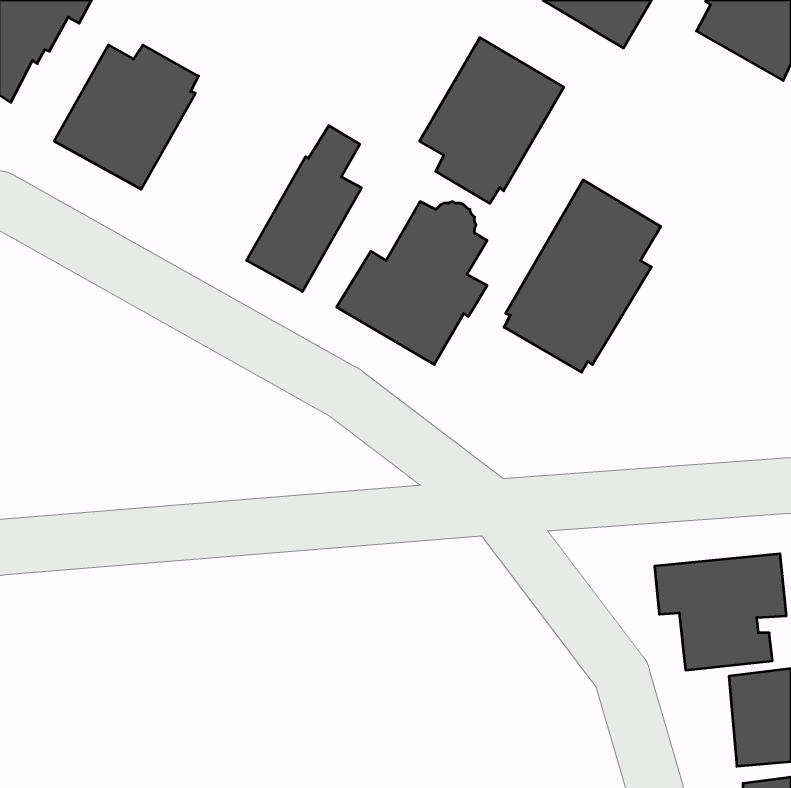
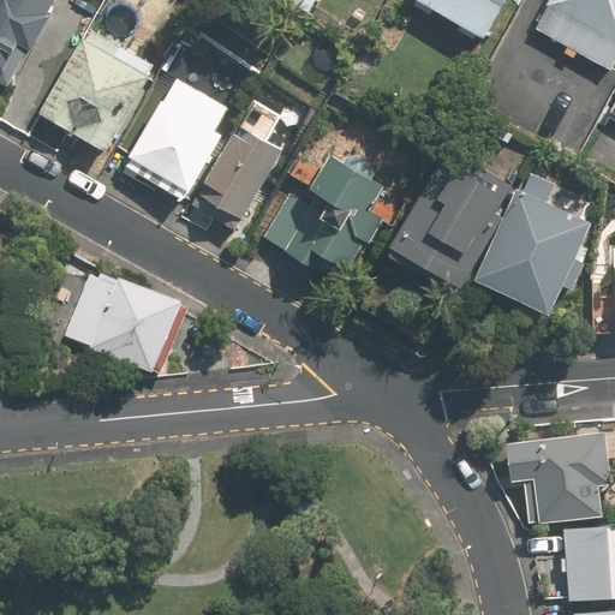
building: [420,38,564,203] -> none
building: none -> [124,77,231,199]
building: none -> [477,169,591,311]
building: none -> [58,273,179,376]

